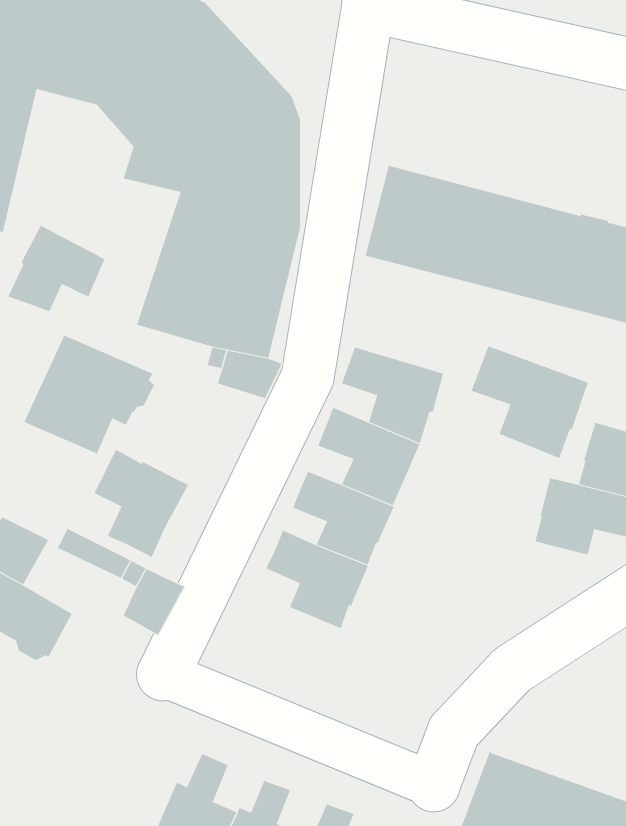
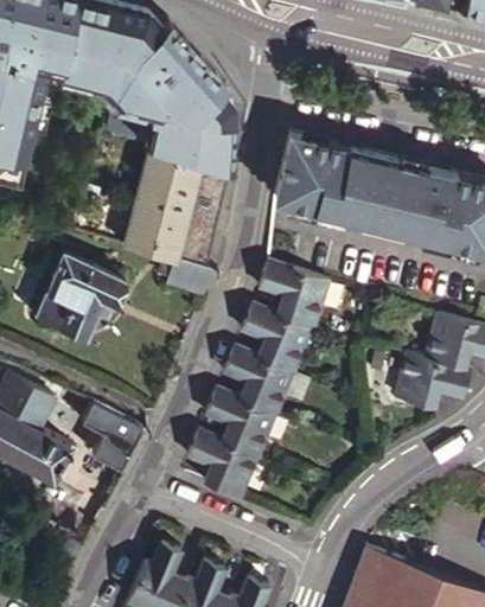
building: [8,225,105,312] -> none
building: [471,346,589,459] -> none
building: [94,449,189,558] -> none
building: none -> [187,434,260,501]

